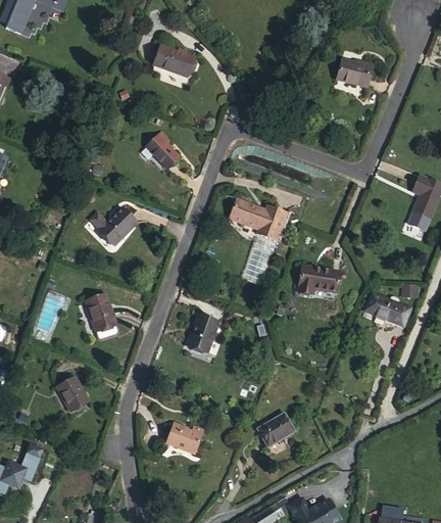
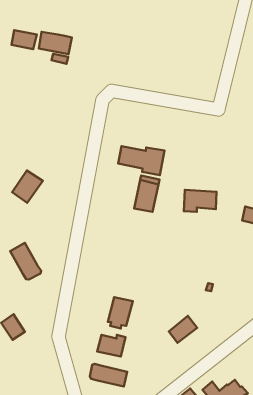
building: none -> [11,30,37,49]
building: [335,58,369,85] -> none
building: [140,132,176,169] -> none
building: [195,315,229,353] -> [108,297,133,329]
building: none -> [90,364,127,387]

